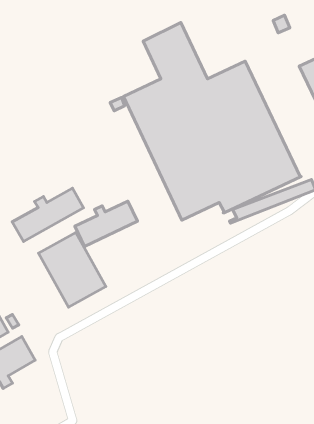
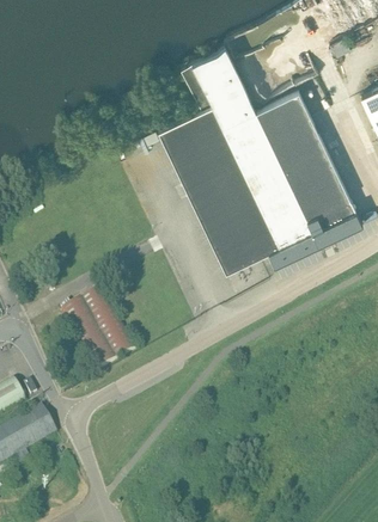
building: [12,188,84,242] -> none
building: [75,201,138,246] -> none

